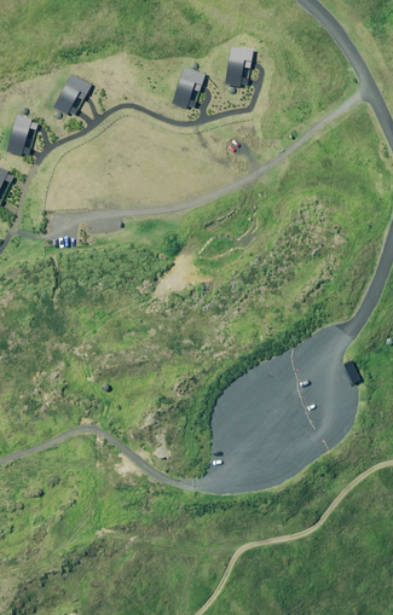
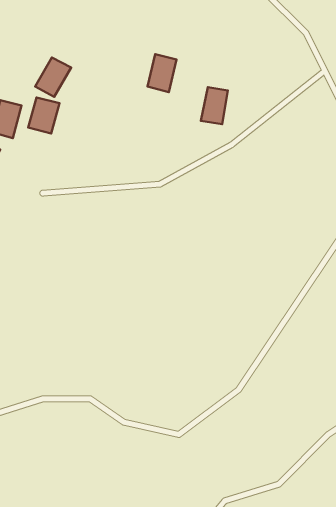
building: [225,45,254,85] -> [201,87,228,124]
building: none -> [28,97,59,133]

